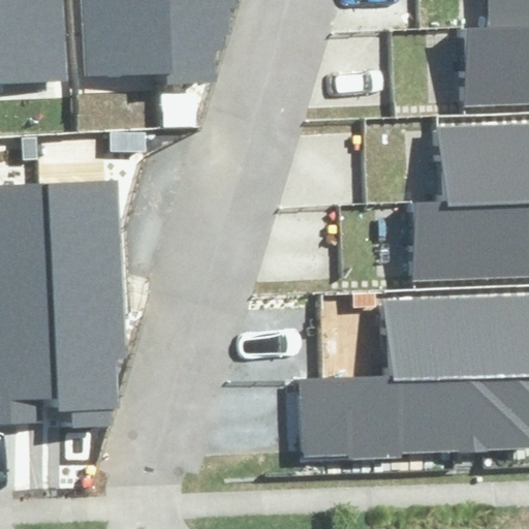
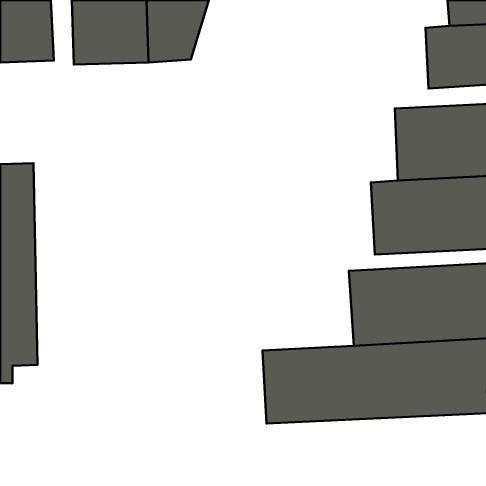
building: [40,181,118,418] -> none

